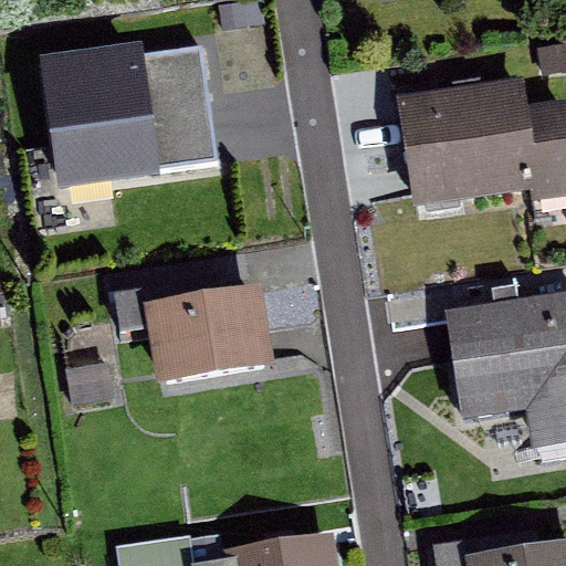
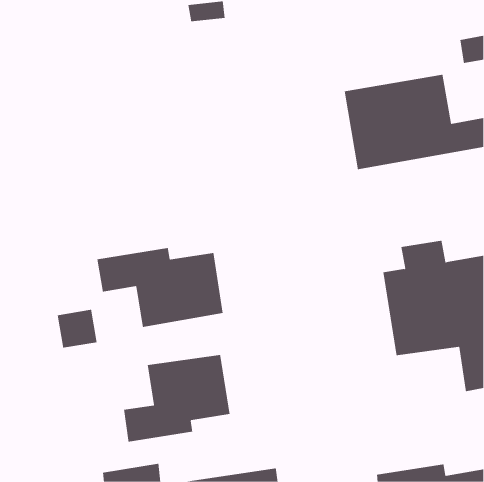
building: [49,48,218,184] -> none
building: none -> [123,354,230,442]

